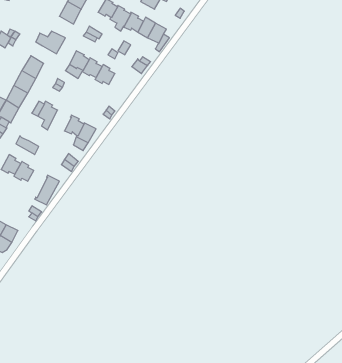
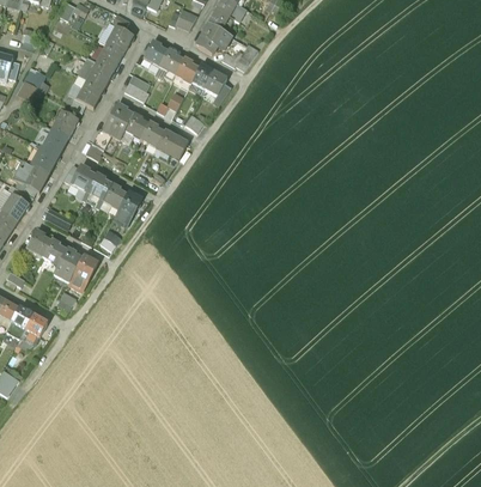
building: none -> [78,57,114,89]
building: none -> [156,129,188,159]
building: none -> [83,174,111,208]
building: none -> [53,246,83,282]

